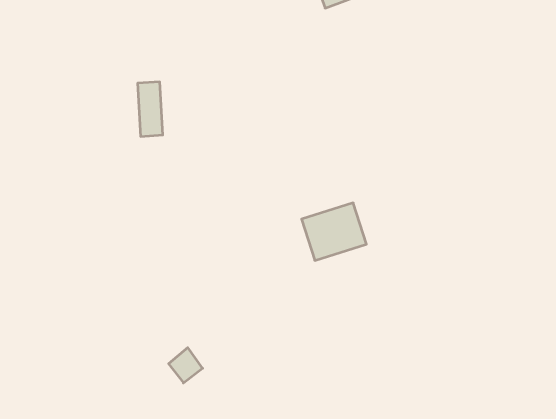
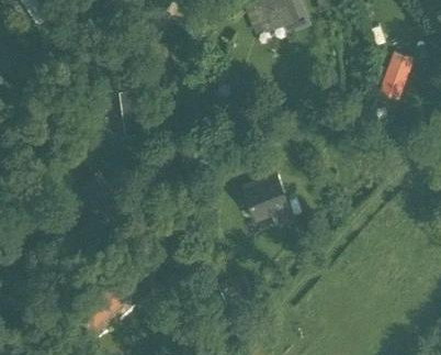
building: none -> [378,51,415,99]

